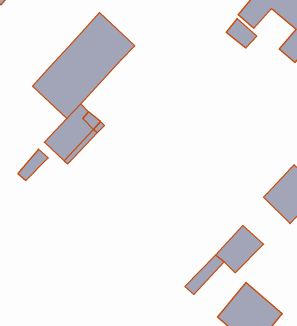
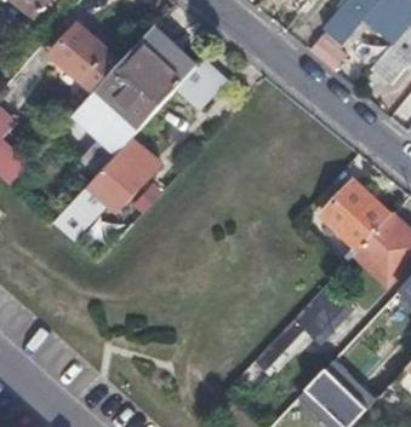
building: none -> [50,24,120,92]
building: none -> [179,56,228,105]
building: none -> [321,181,389,248]

